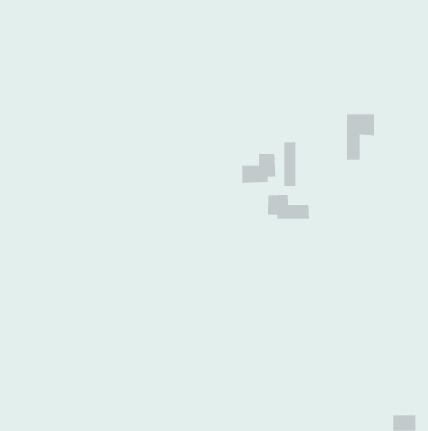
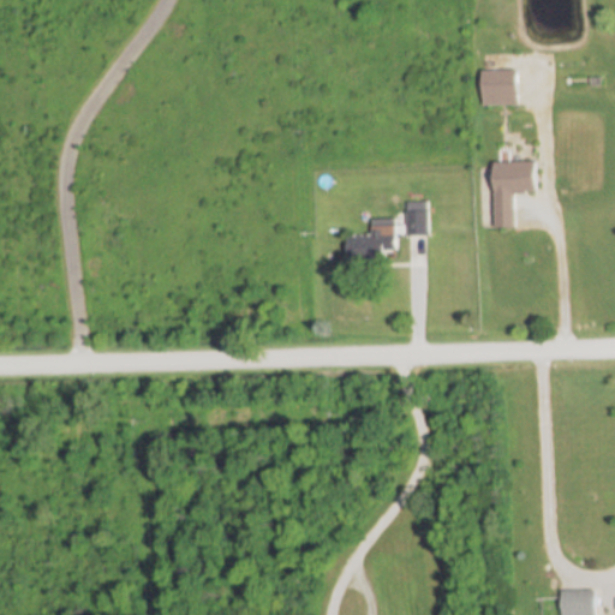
building: none -> [479,70,514,106]
building: [268,194,309,220] -> none

